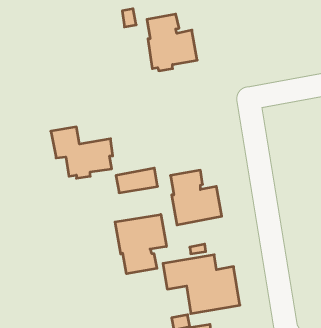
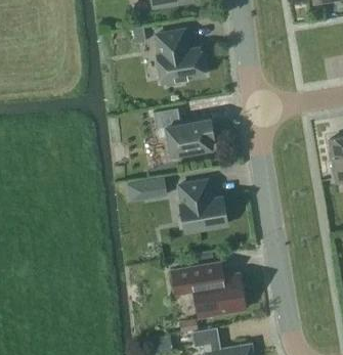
building: [51,127,113,178] -> [153,108,212,158]
building: [115,214,166,274] -> none

